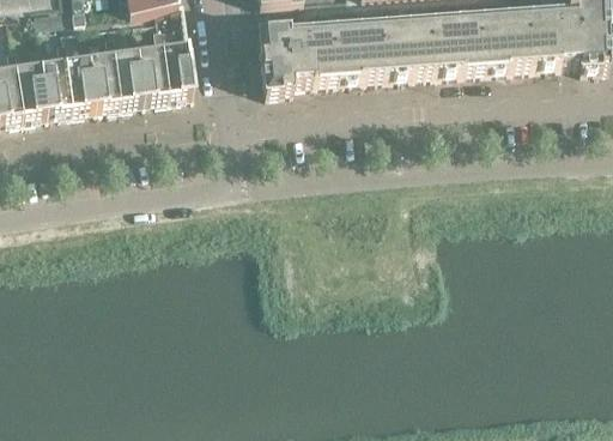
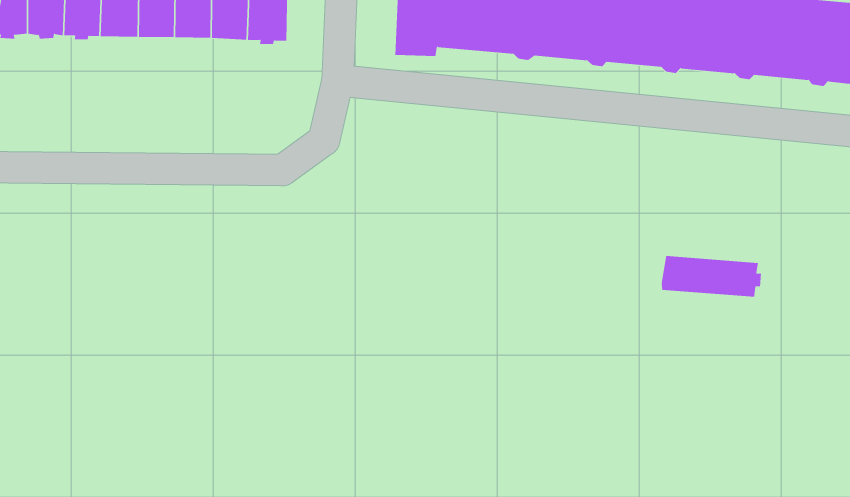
building: none -> [661,255,762,298]

